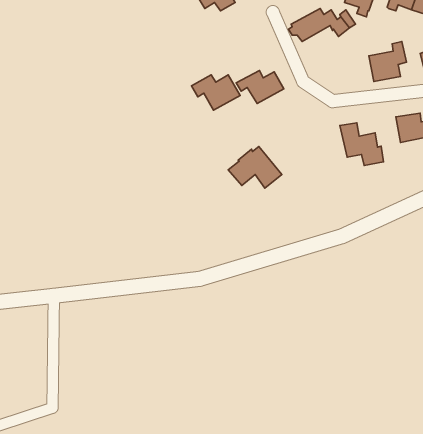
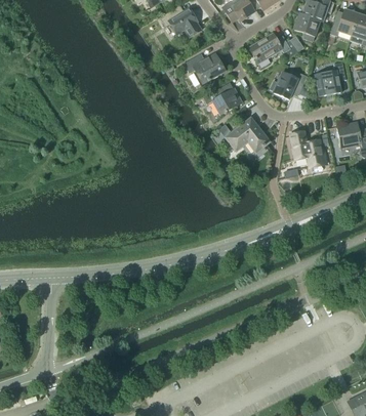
building: none -> [270,72,308,98]
building: [192,75,240,110] -> [185,53,226,83]
building: [228,147,282,188] -> [226,117,271,152]

